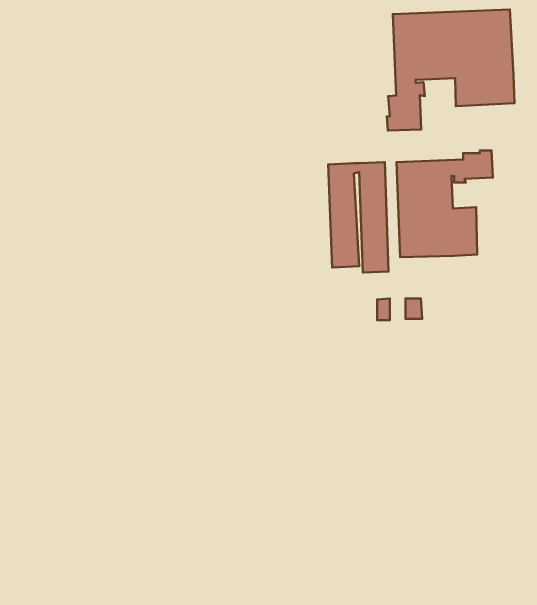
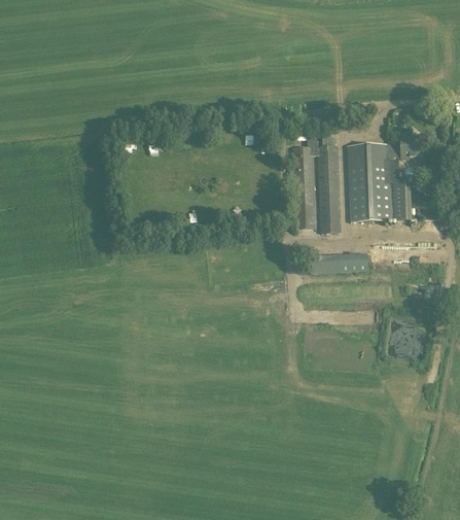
building: [387,10,514,131] -> none

